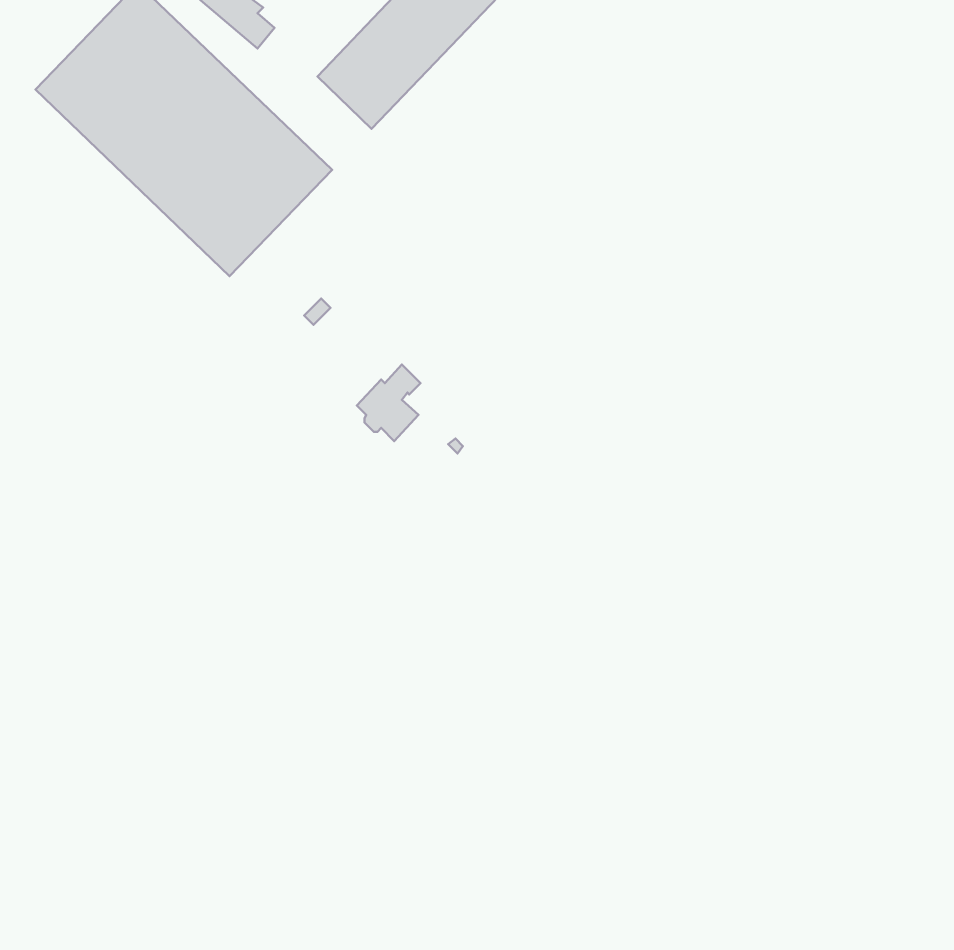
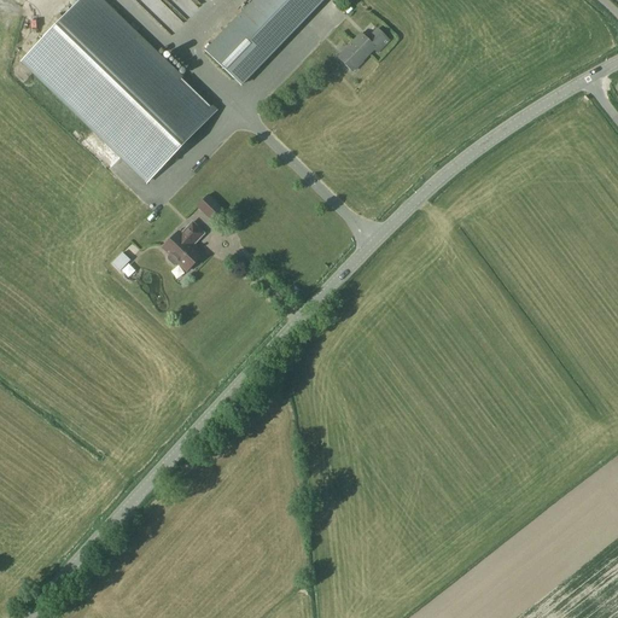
building: none -> [338,27,389,69]
building: [357,365,420,441] -> [163,220,204,269]

